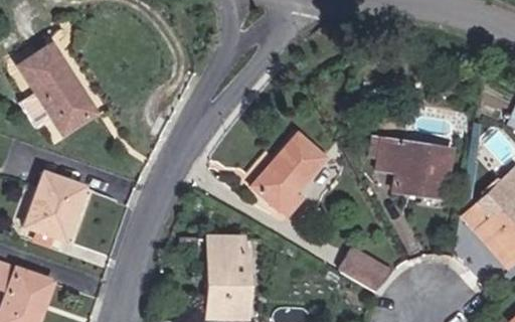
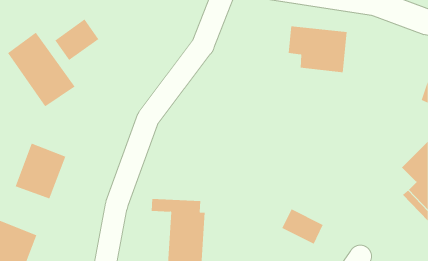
building: none -> [55,18,99,61]
building: [250,129,325,205] -> none
building: [379,141,450,196] -> [288,26,348,73]

